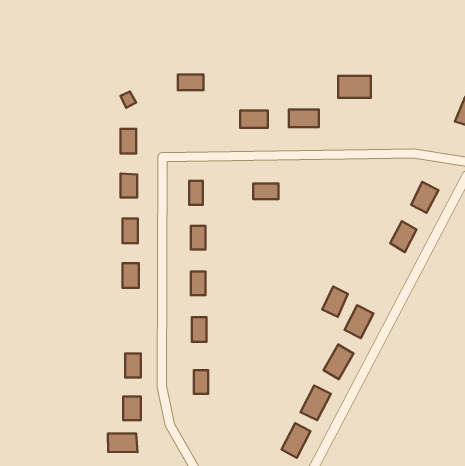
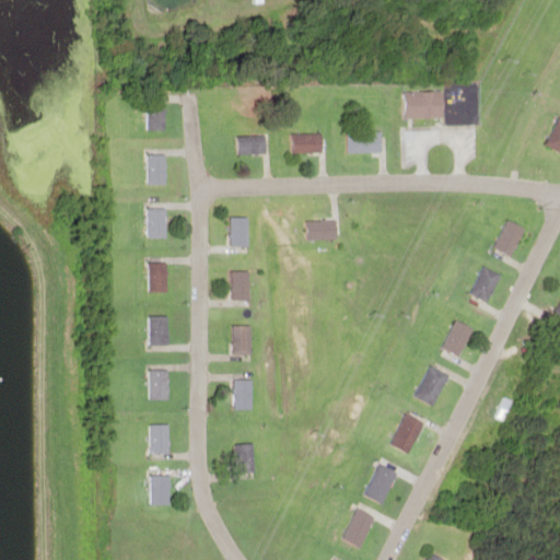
building: [178,75,203,90] -> [234,136,265,154]
building: [322,287,348,317] -> [442,320,472,357]
building: none -> [150,370,170,400]
building: [108,434,137,452] -> none

